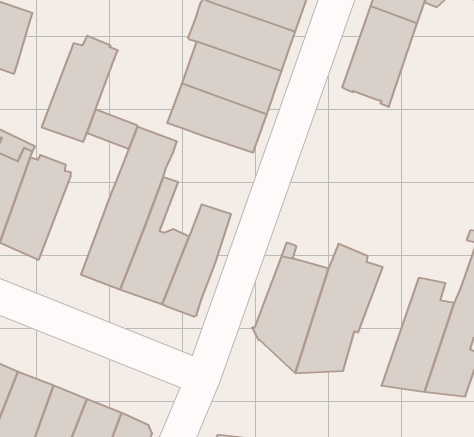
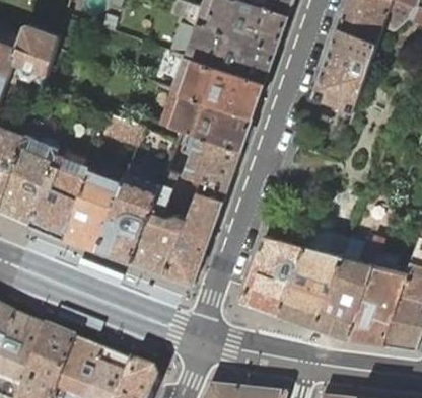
building: [42,36,118,142] -> [63,163,126,250]
building: none -> [165,130,239,201]
building: none -> [313,237,381,341]

